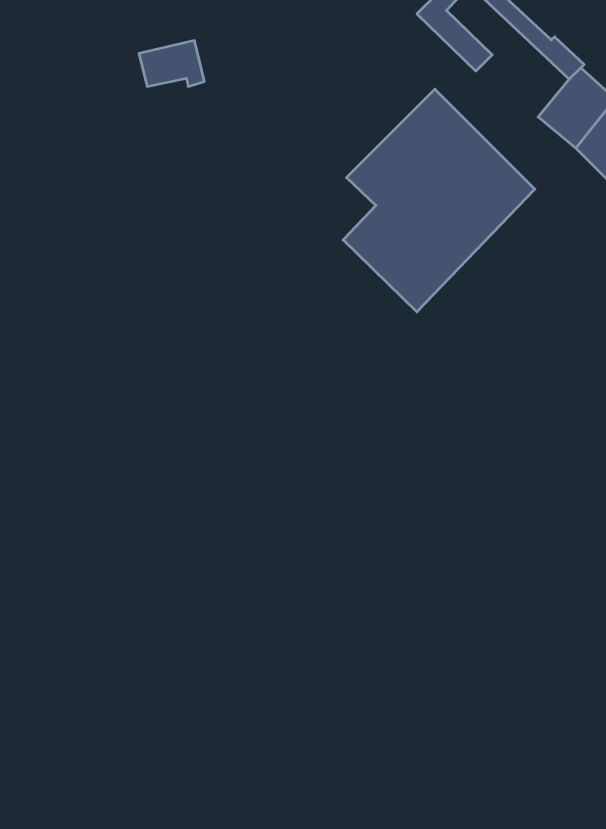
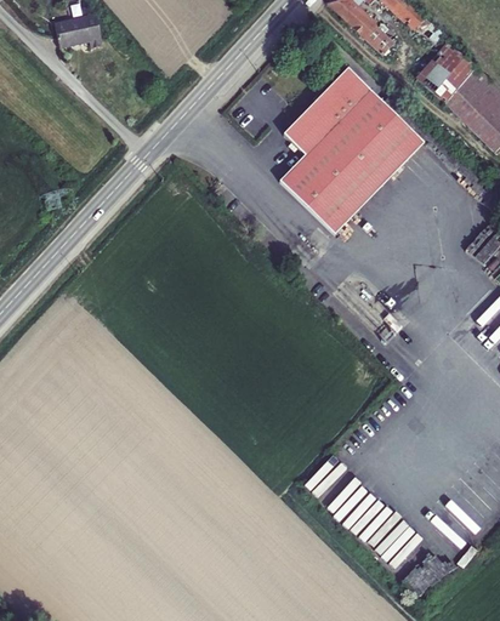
building: [139,41,204,86] -> [52,12,101,46]

